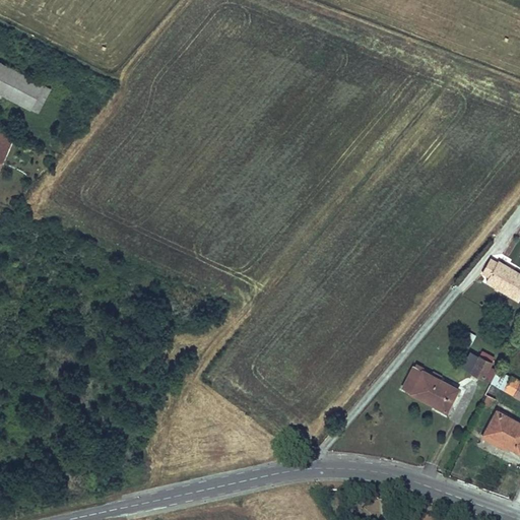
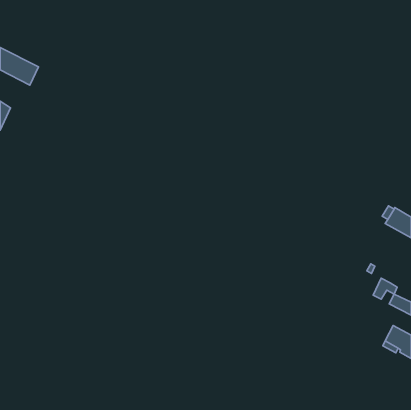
building: [403,369,456,411] -> none

